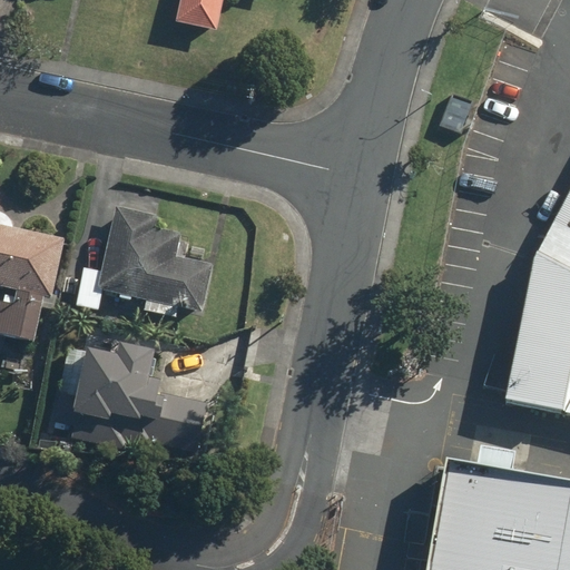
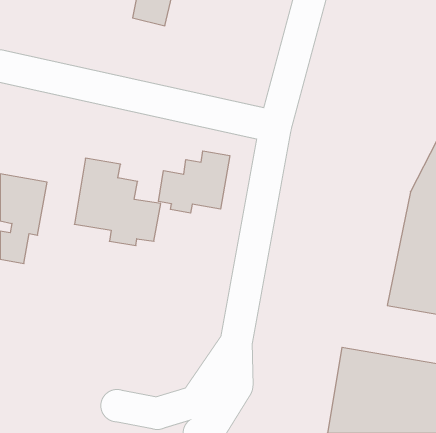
building: none -> [158,151,230,213]
building: [49,347,208,452] -> none

